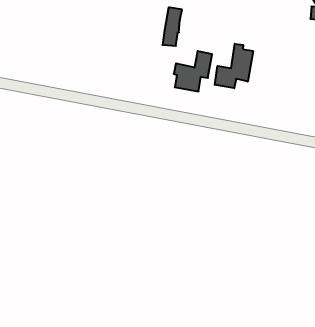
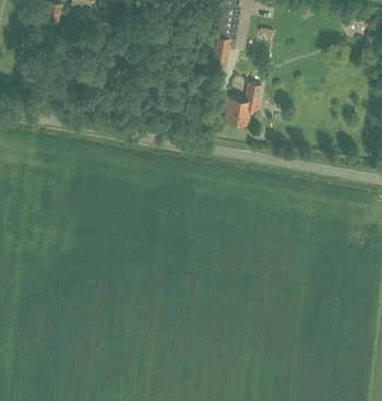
building: [215,44,253,88] -> none

